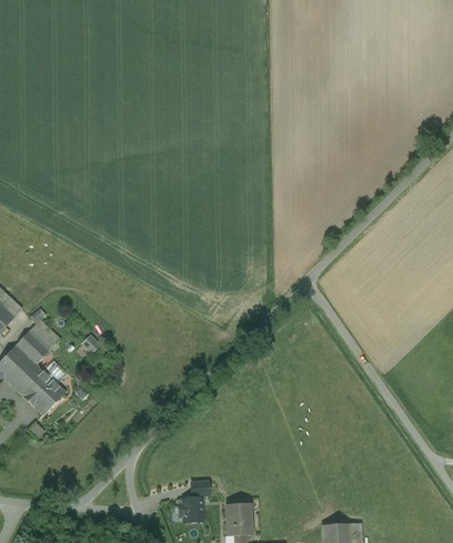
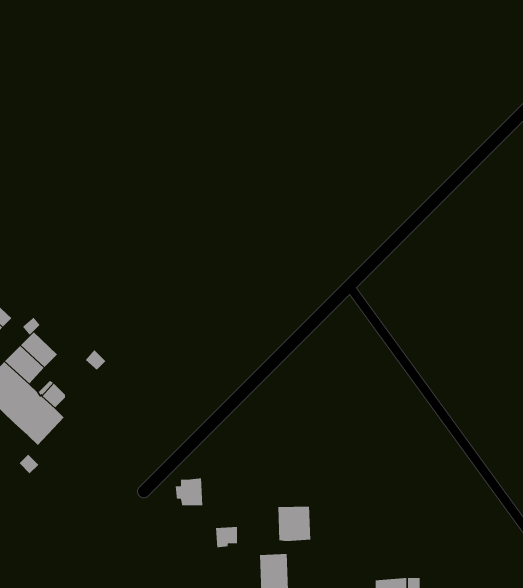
building: none -> [278,506,311,542]
building: [178,499,201,522] -> [175,478,203,506]

